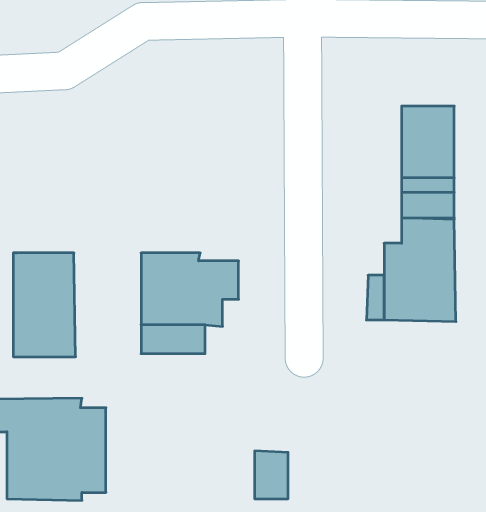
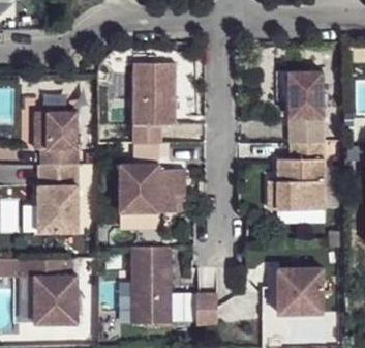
building: none -> [142,63,183,142]
building: none -> [33,110,75,165]
building: none -> [130,246,170,323]
building: none -> [276,268,322,314]

